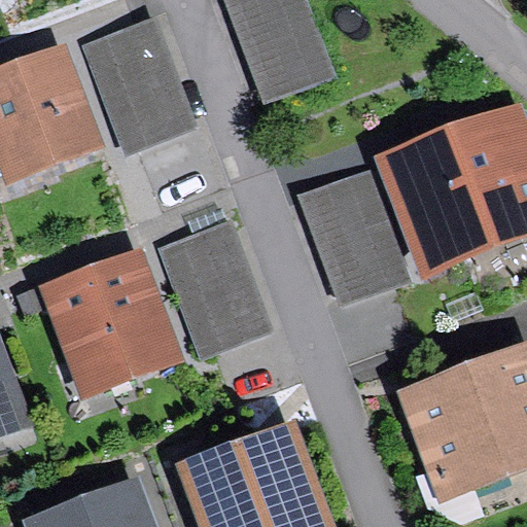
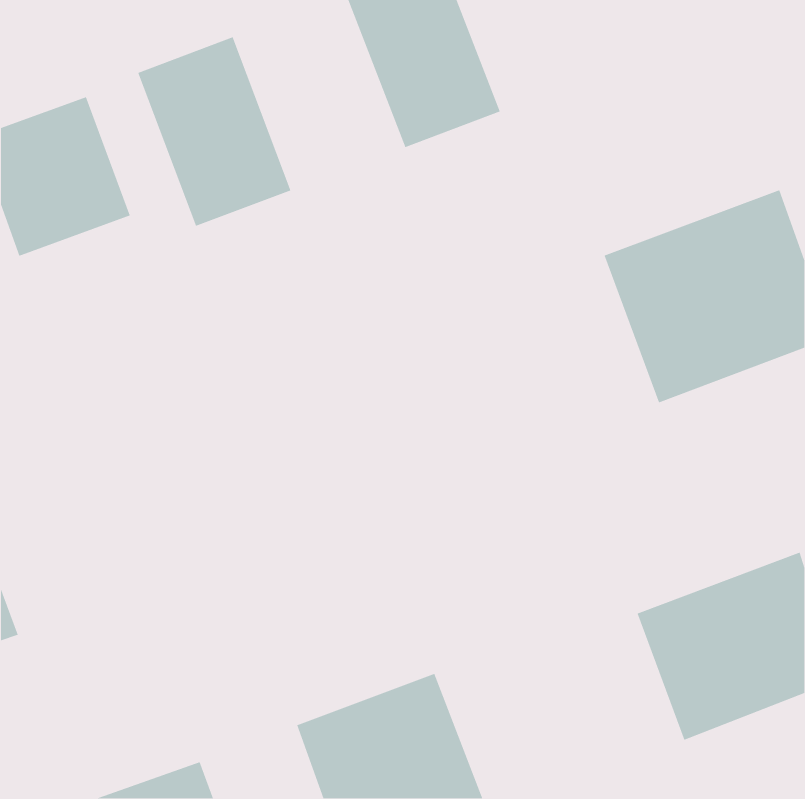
building: [303,176,403,301] -> none
building: [166,226,267,352] -> none
building: [55,266,165,382] -> none

